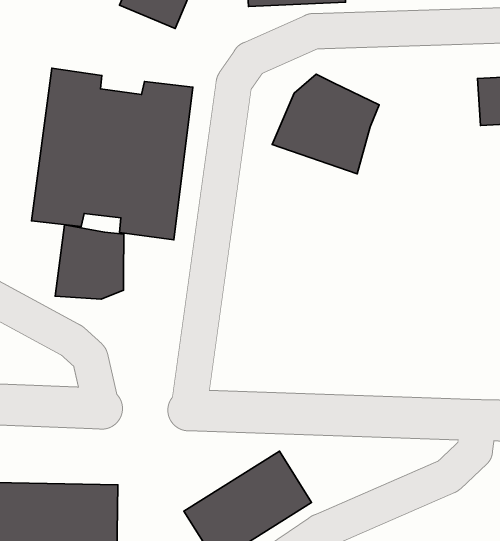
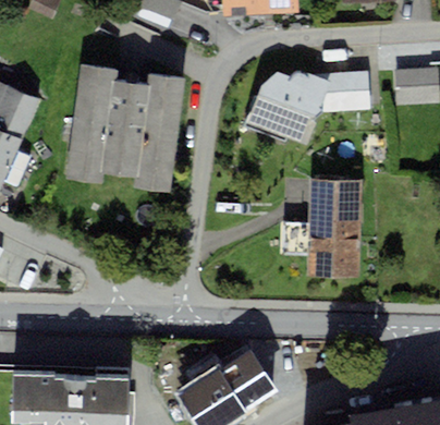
building: none -> [290,68,370,109]
building: [55,225,124,299] -> none
building: none -> [303,180,365,278]

